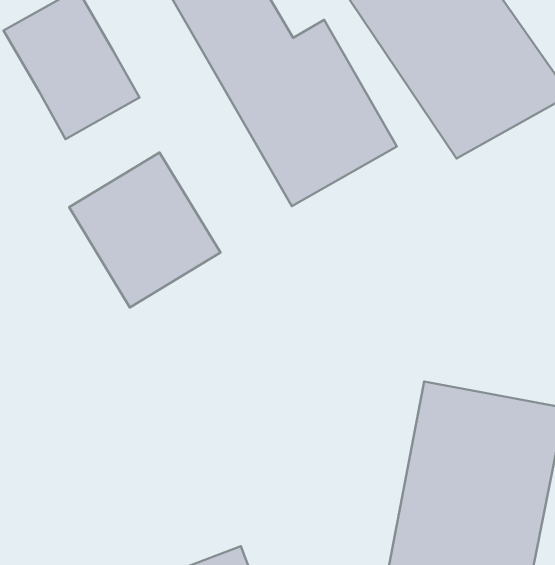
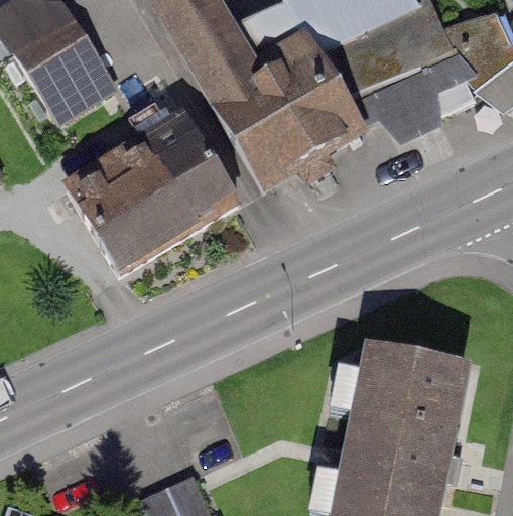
building: none -> [141,117,232,226]

